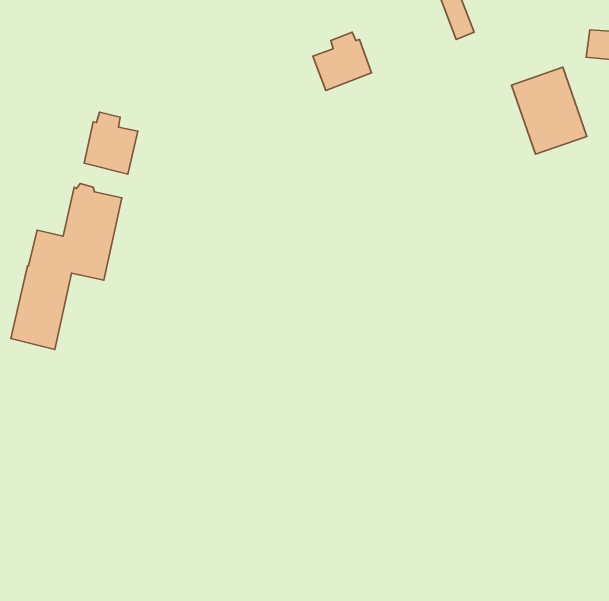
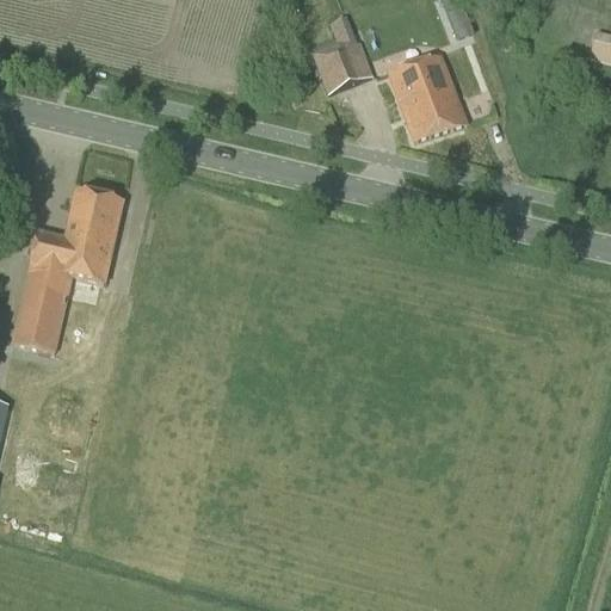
building: [512,67,587,154] -> [390,53,465,140]
building: [84,112,138,174] -> none

